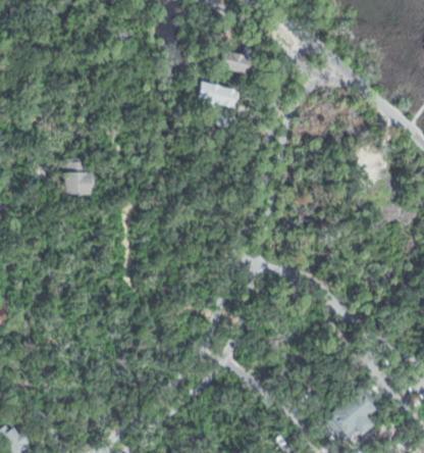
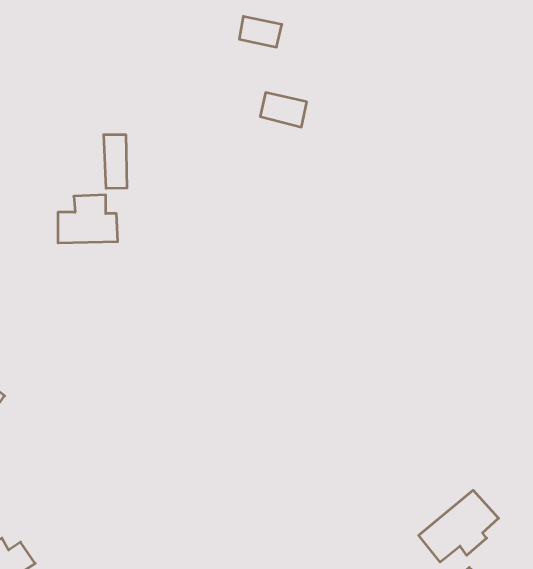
building: [219,51,252,74] -> [239,16,282,47]
building: none -> [104,135,127,188]

